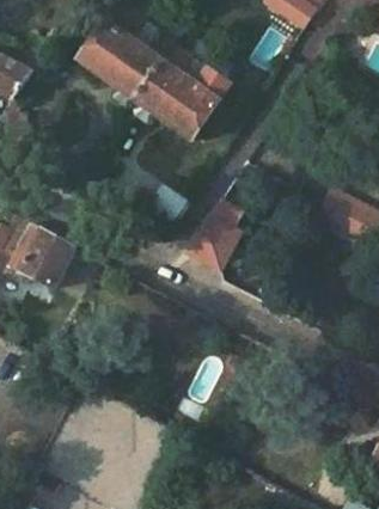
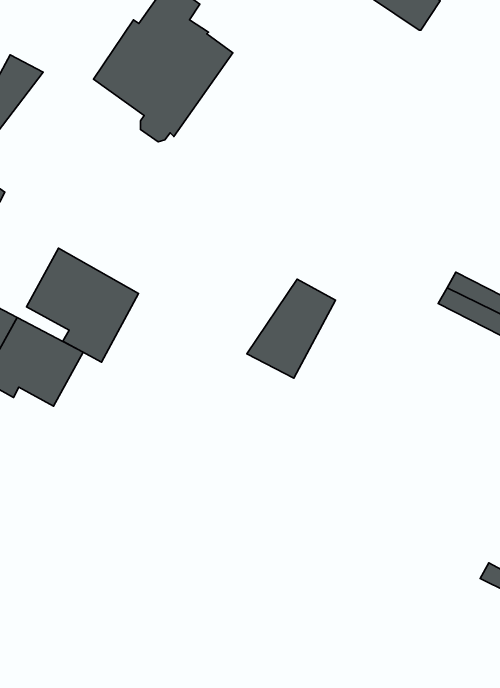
building: [135,42,234,140] -> none
building: none -> [26,248,139,362]

